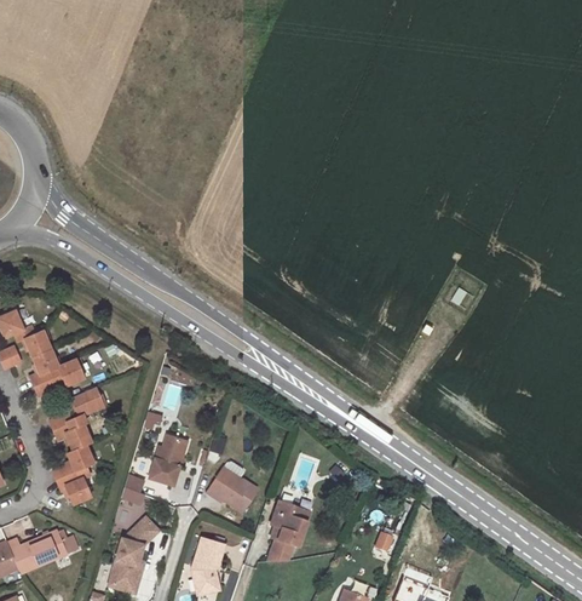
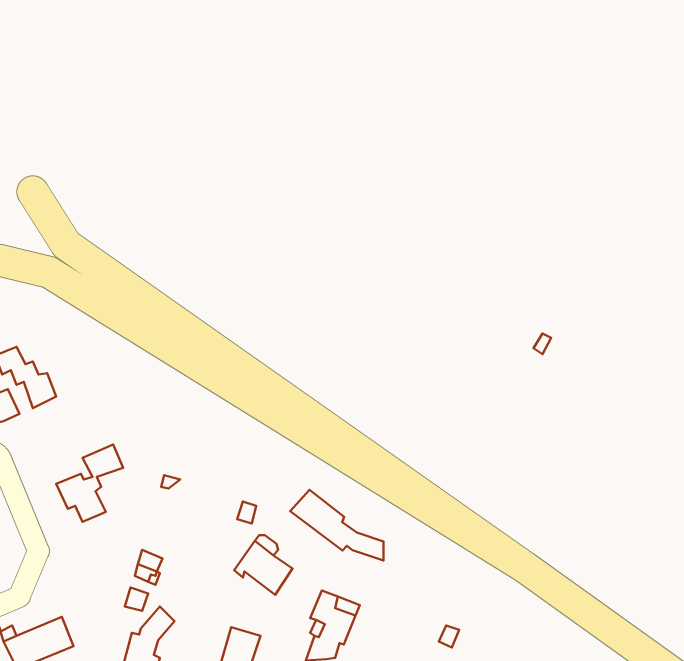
building: [30,347,87,394] -> none
building: none -> [290,490,384,560]
building: [144,434,180,485] -> none
building: [54,445,97,504] -> none

